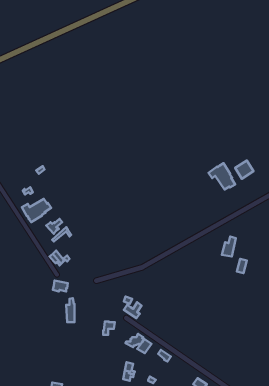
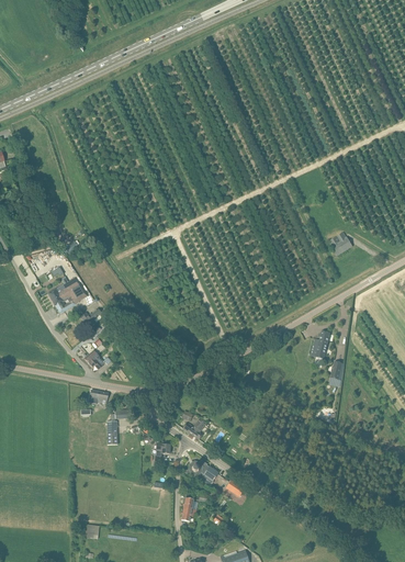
building: [209,163,235,189] -> none

